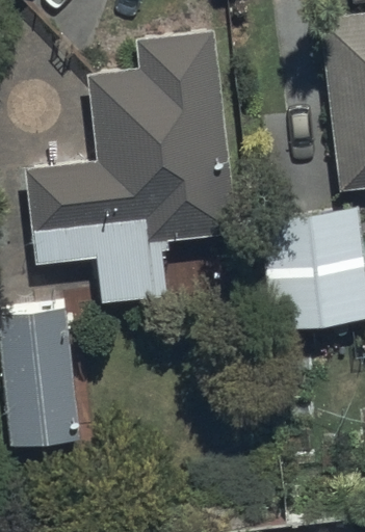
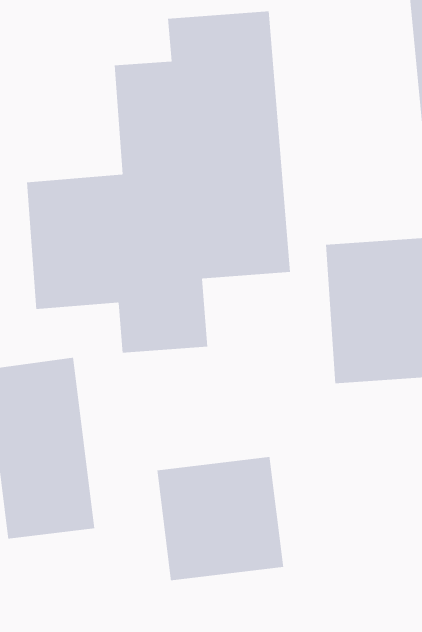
building: none -> [157,456,284,581]

